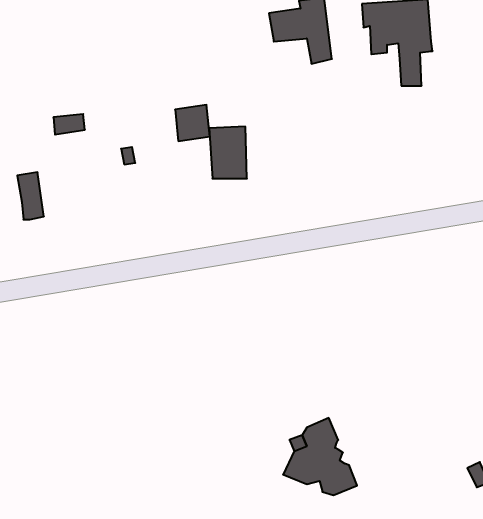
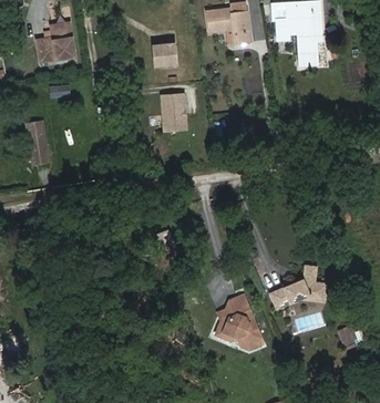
building: none -> [37,24,75,65]
building: [175,105,210,141] -> [152,41,176,66]
building: none -> [271,267,330,312]

